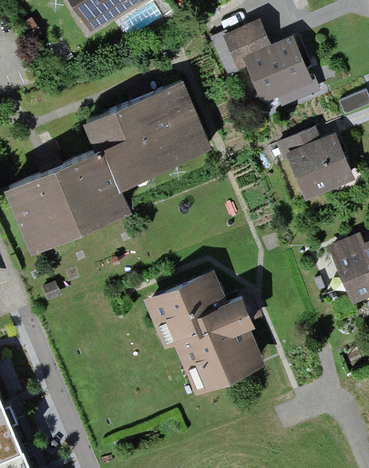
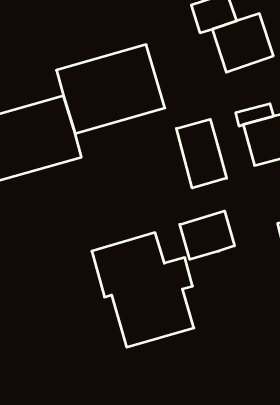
building: none -> [176,119,227,188]
building: none -> [180,211,234,259]

